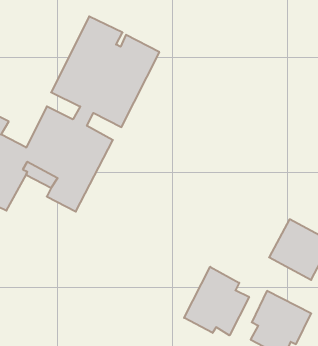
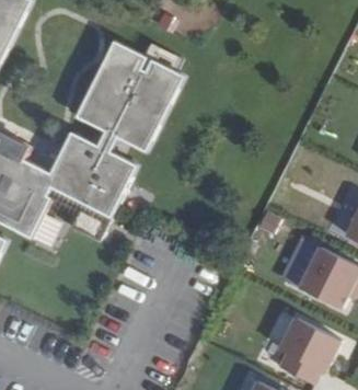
building: [184,267,249,335] -> none

